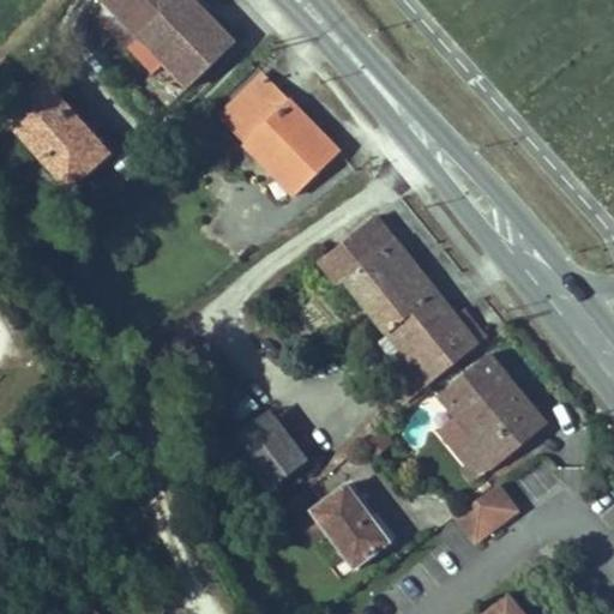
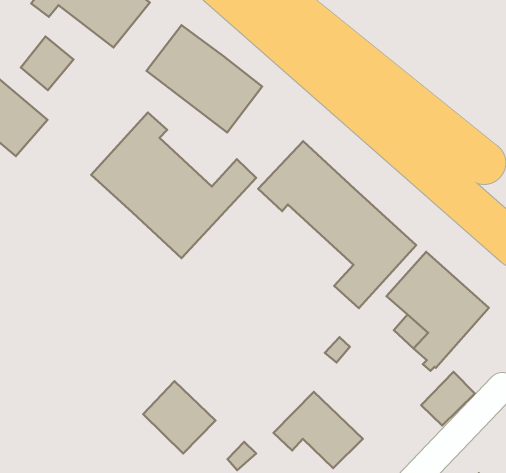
building: none -> [21,36,74,90]
building: none -> [91,112,256,258]
building: [233,410,308,488] -> [143,381,216,454]

